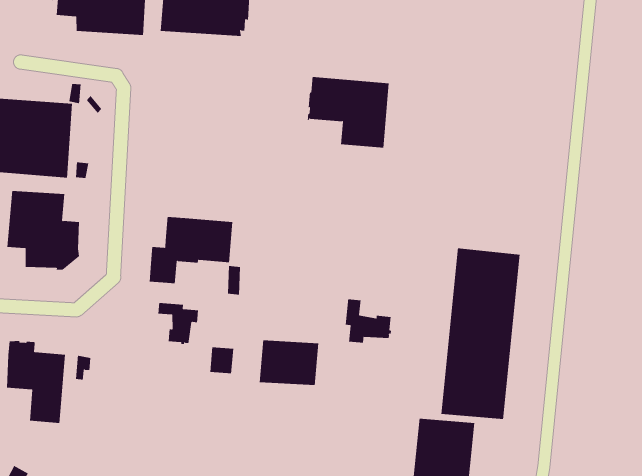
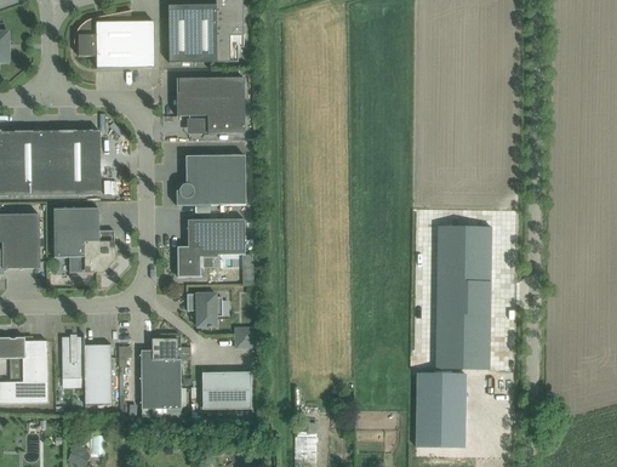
building: [307,77,390,148] -> [177,78,245,133]
building: none -> [176,155,246,205]
building: [345,299,392,344] -> none
building: [259,340,319,386] -> [202,371,251,409]
building: none -> [141,335,182,409]

